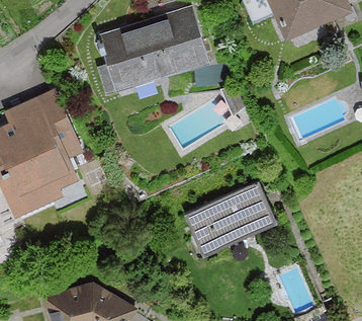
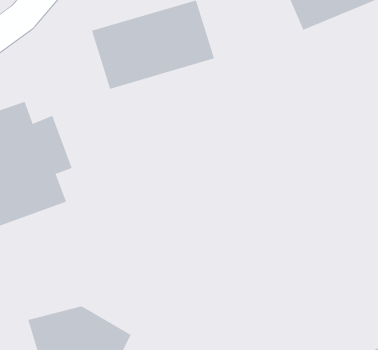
building: [186,186,274,254] -> none

